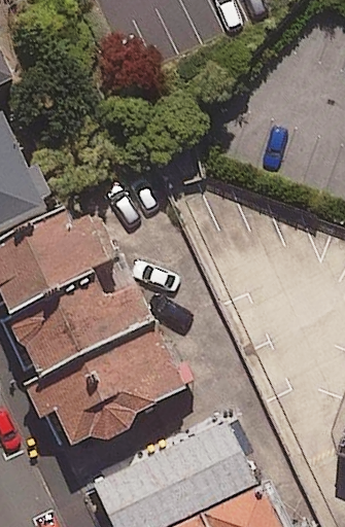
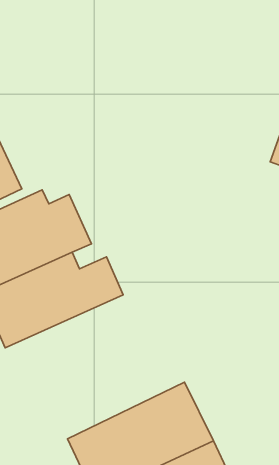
building: [29,327,191,455] -> none

